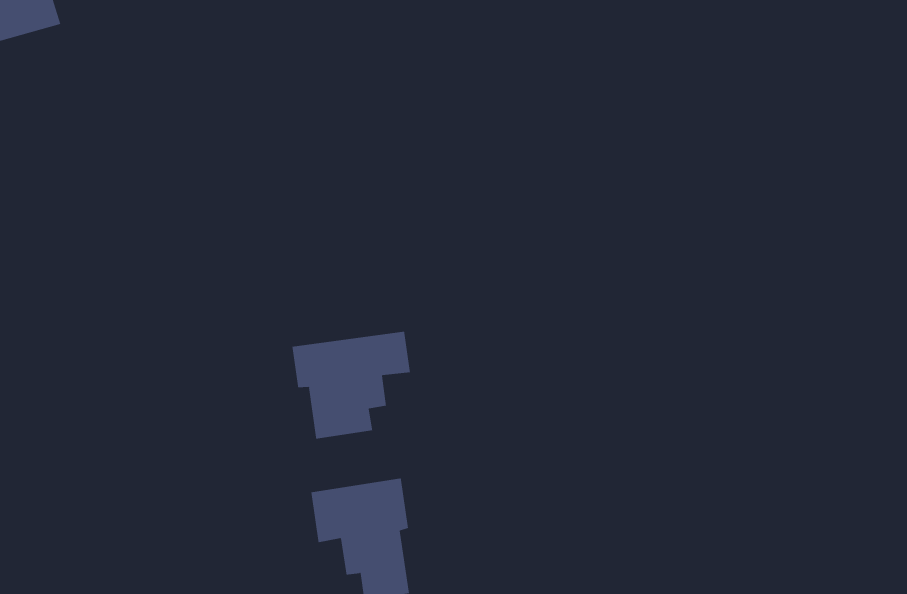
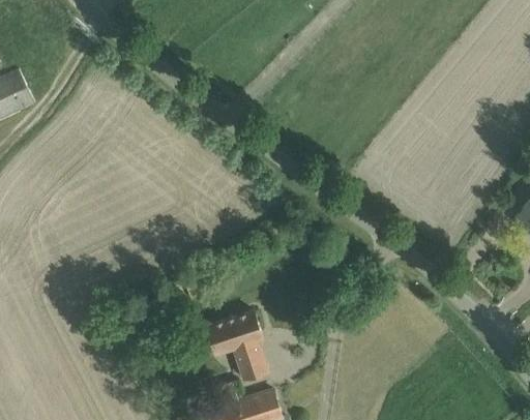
building: [292,331,410,440] -> none

